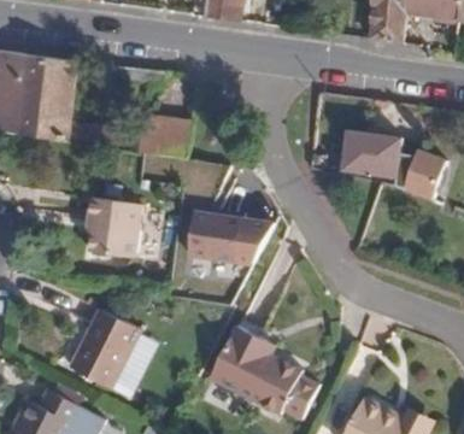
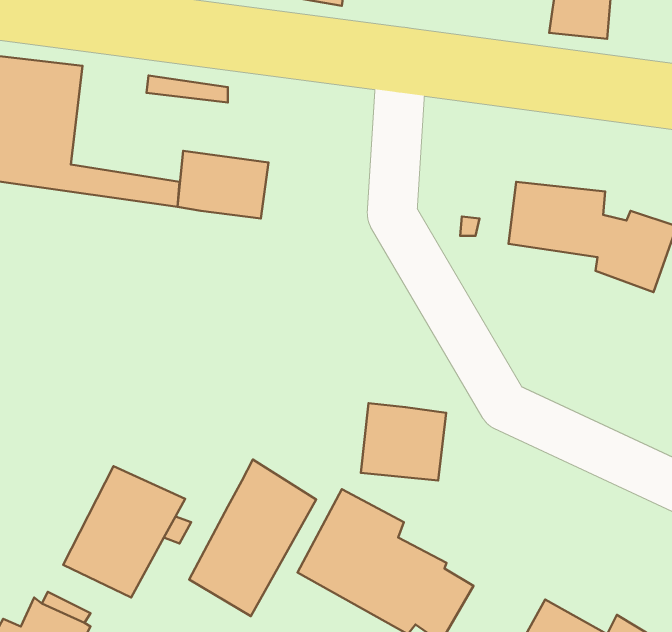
building: [84,199,146,263] -> none
building: [193,212,246,260] -> [361,403,446,481]
building: none -> [189,460,316,616]

